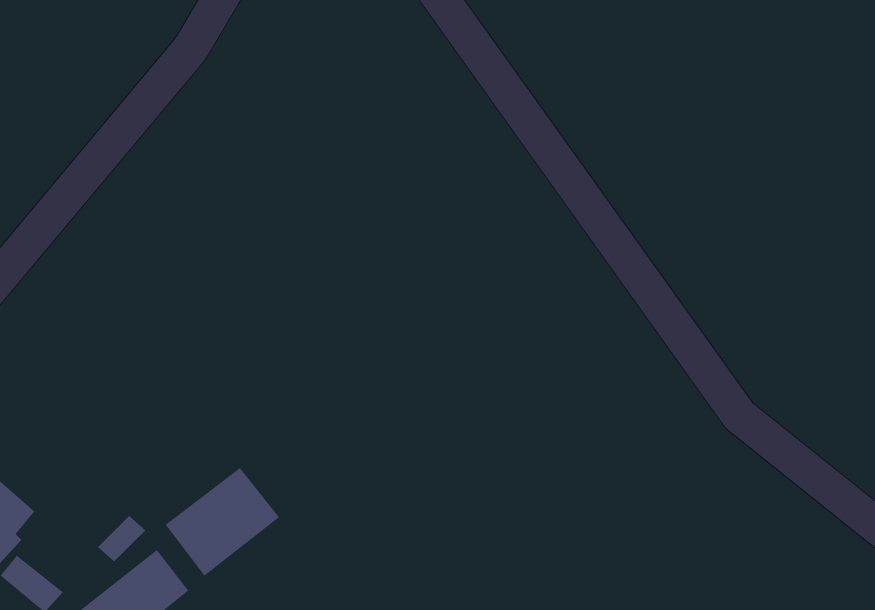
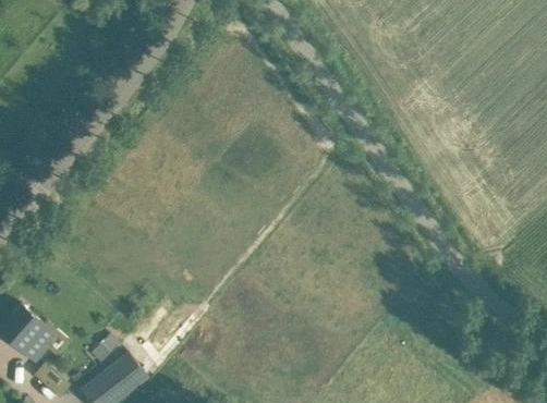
building: [165,467,280,577] -> none

